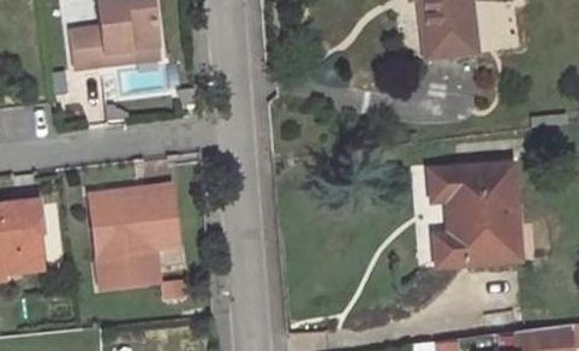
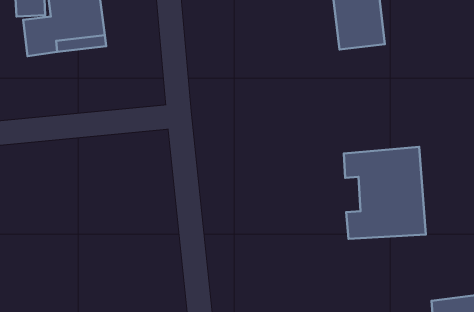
building: [90,186,180,284] -> none

